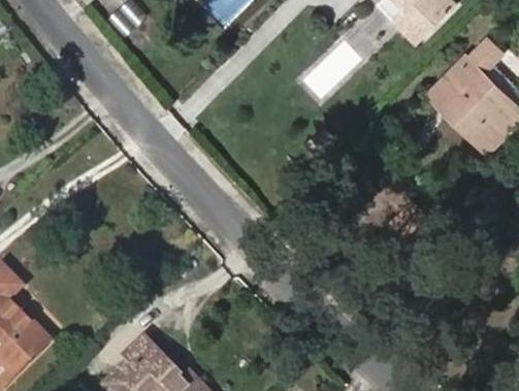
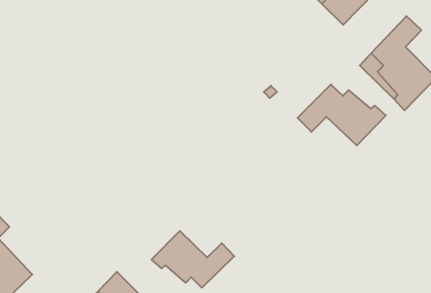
building: none -> [298,84,386,146]
building: none -> [152,231,234,288]

